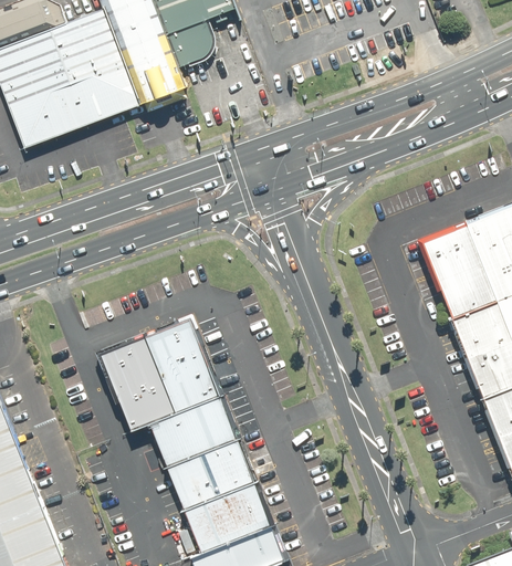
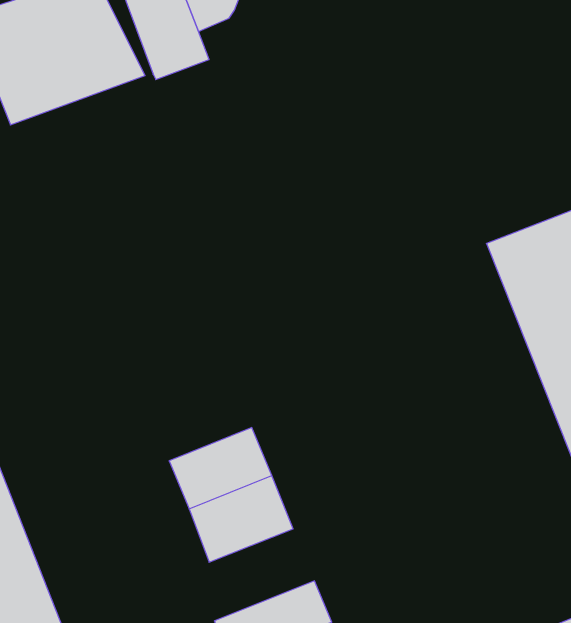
building: [105,319,222,432] -> none
building: [187,482,274,553] -> none

